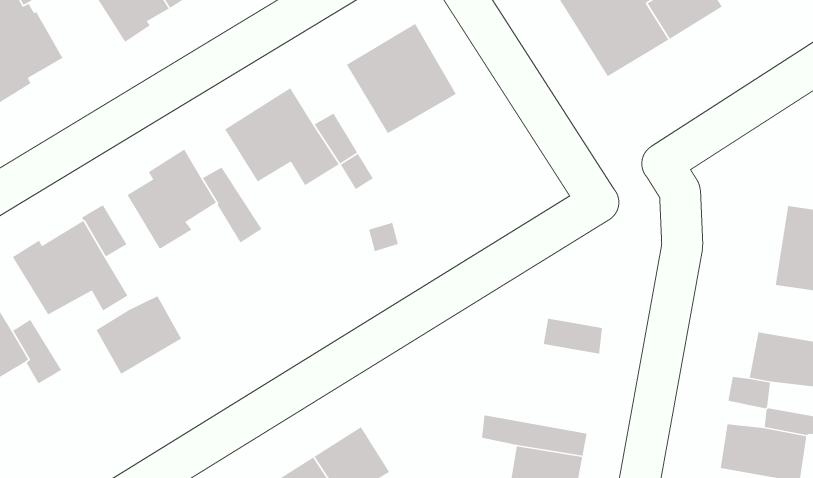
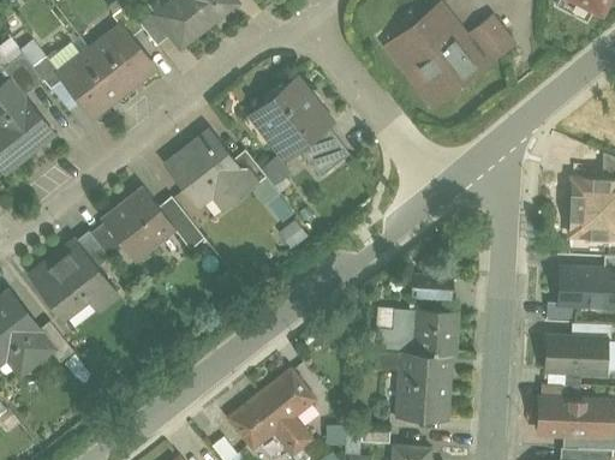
building: none -> [299,130,348,177]
building: [96,295,182,375] -> none
building: none -> [376,307,456,354]

